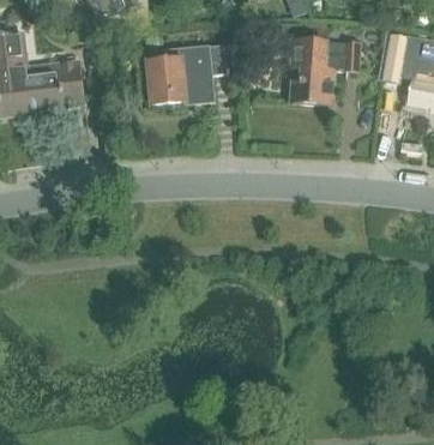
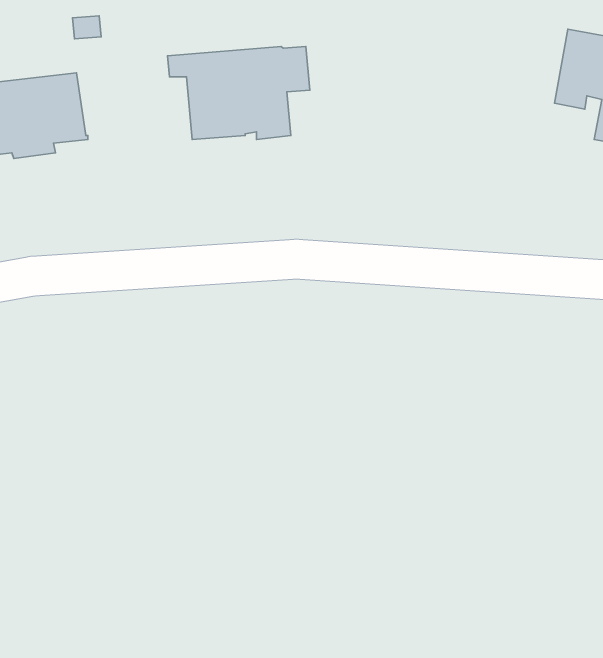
building: [288,38,358,103] -> none

